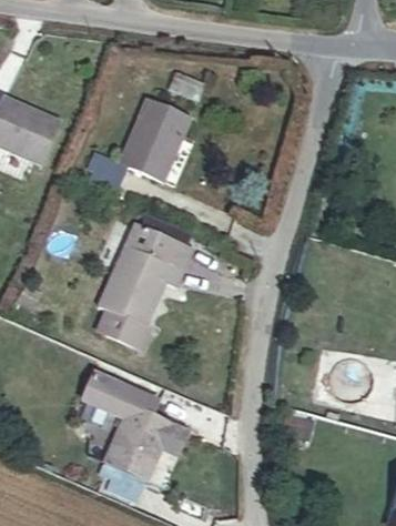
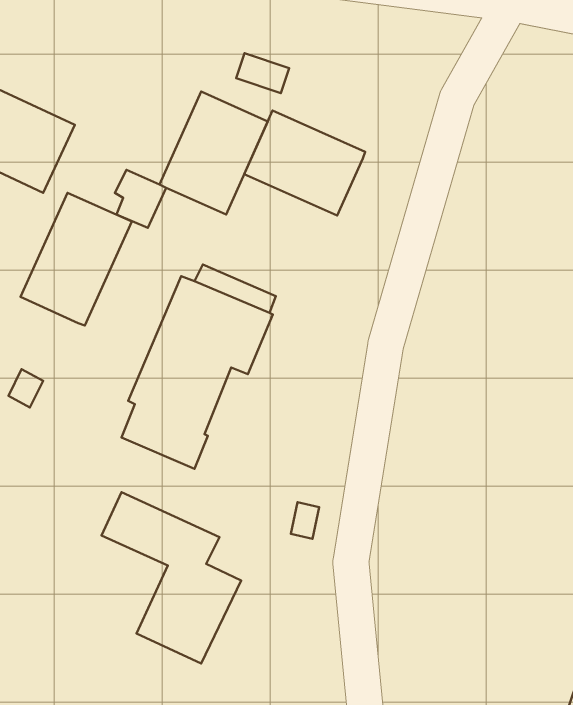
building: none -> [244,110,365,216]
building: none -> [21,193,132,326]

